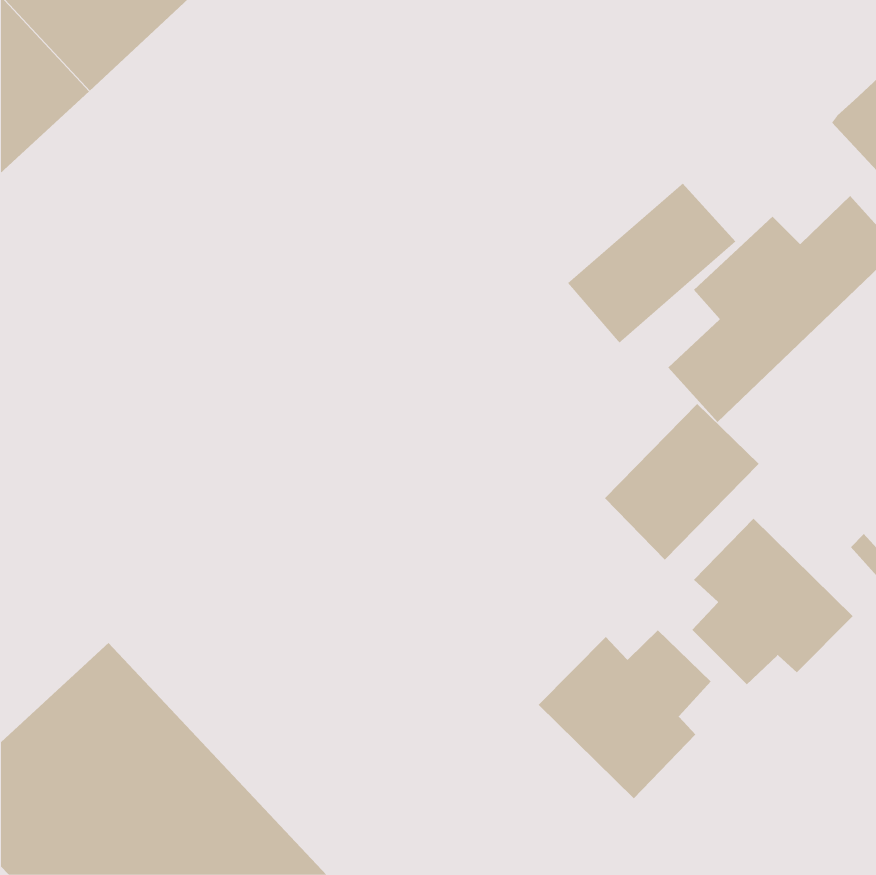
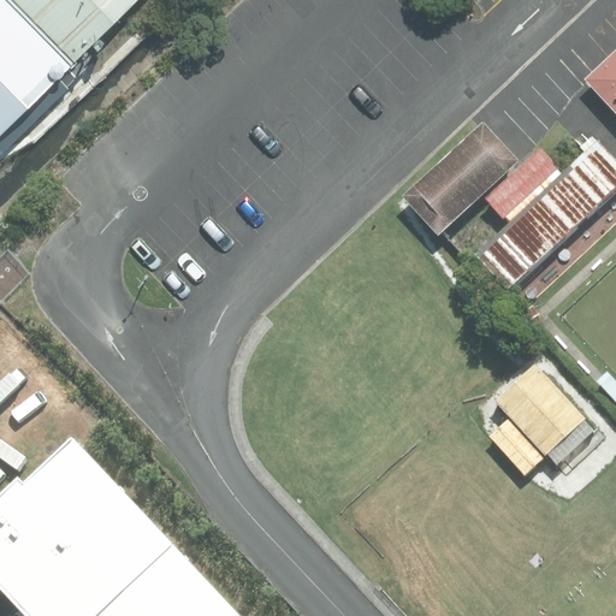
building: [604,403,760,560] -> none
building: [538,630,712,799] -> none

